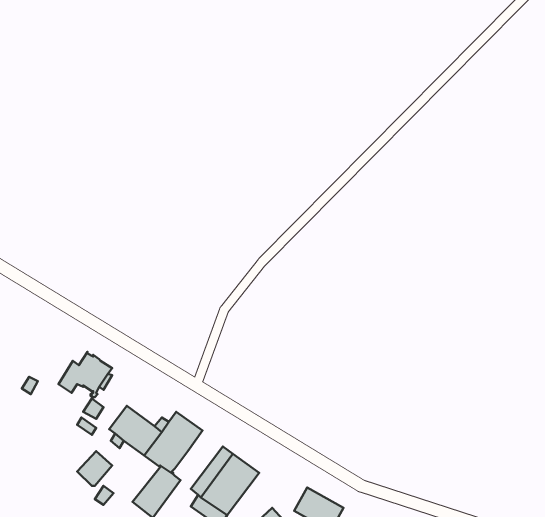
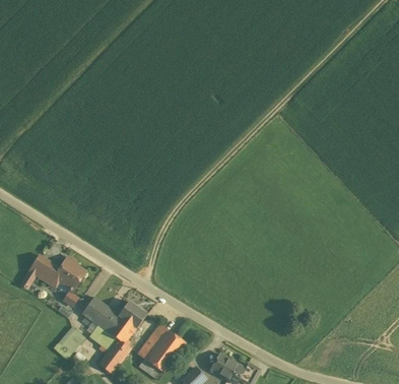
building: none -> [29,254,56,280]

